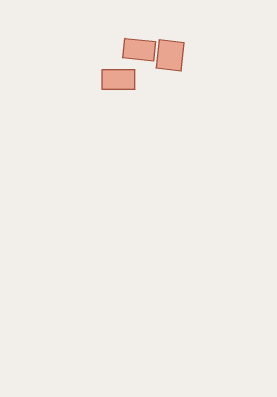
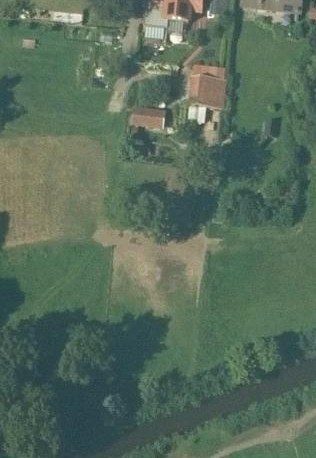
building: [123,38,155,61] -> none

